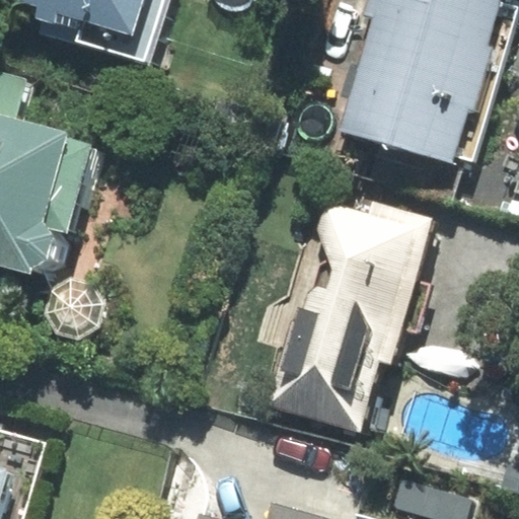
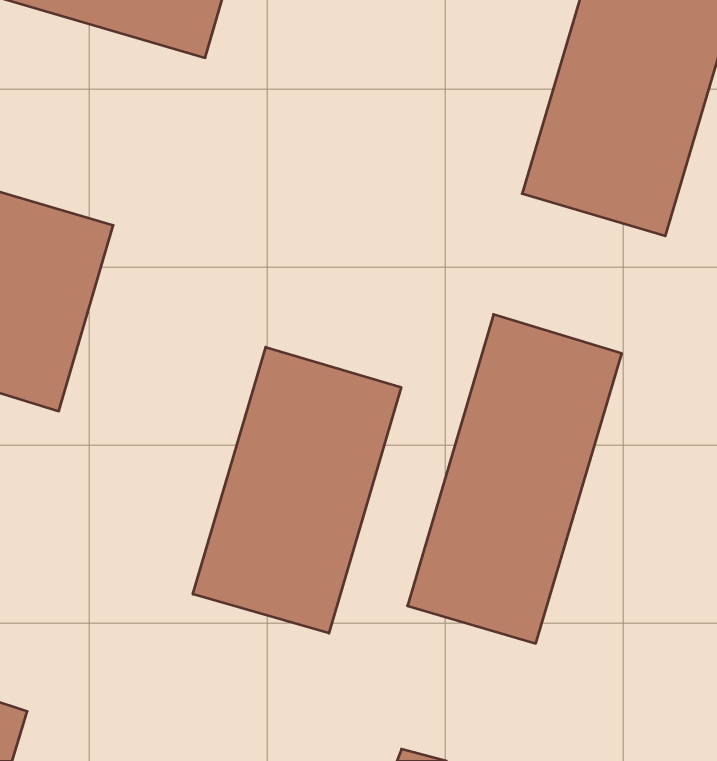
building: none -> [193,347,401,633]

